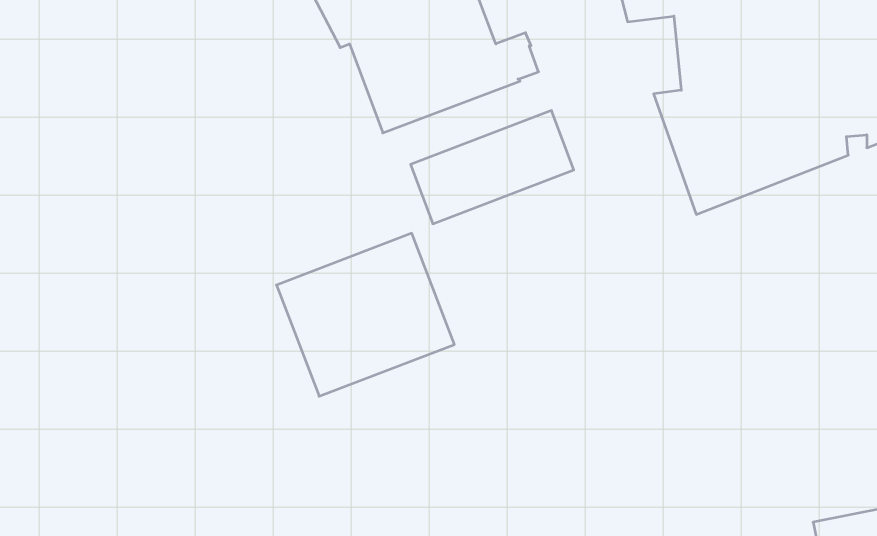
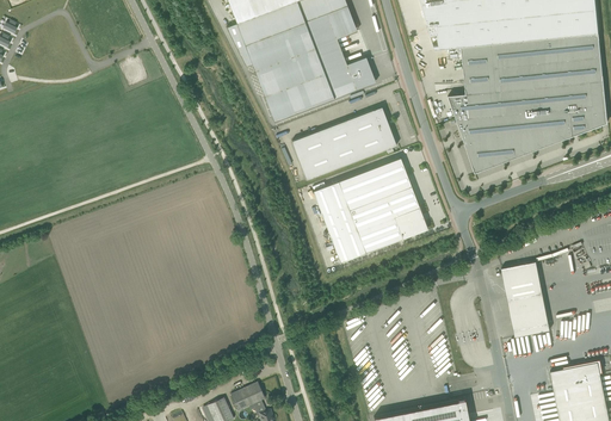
building: [276,233,454,396] -> [314,156,428,261]
building: none -> [502,261,551,336]

